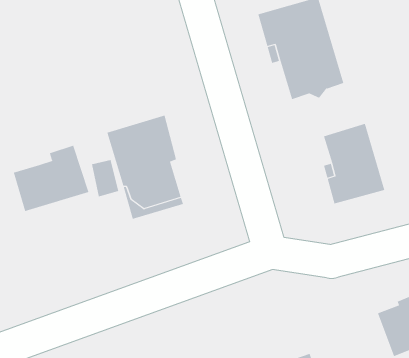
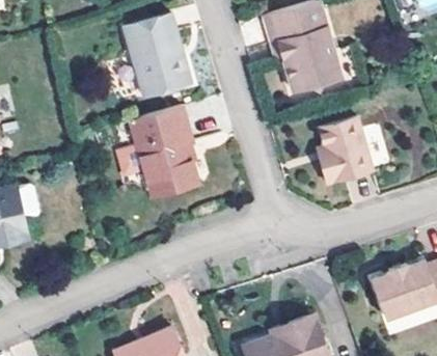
building: none -> [124,15,191,95]
building: [13,145,89,212] -> none

